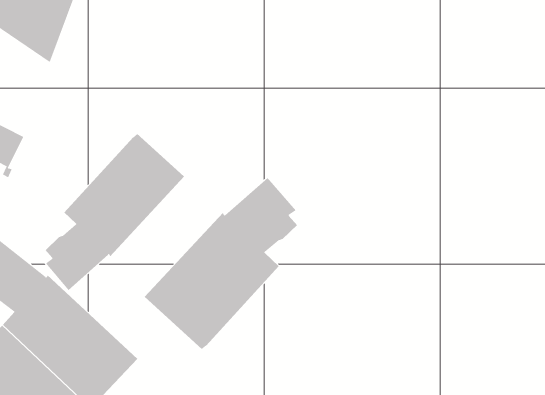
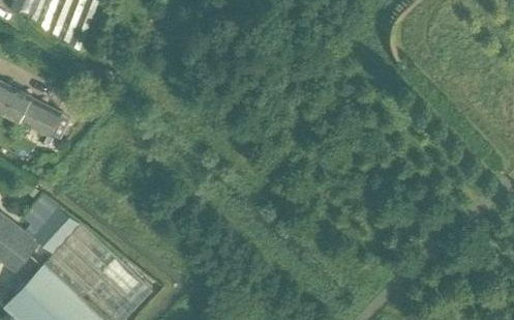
building: [45,133,185,291] -> none
building: [144,177,298,350] -> none

